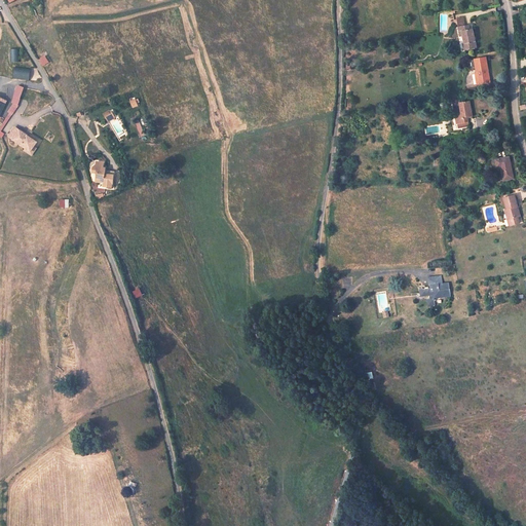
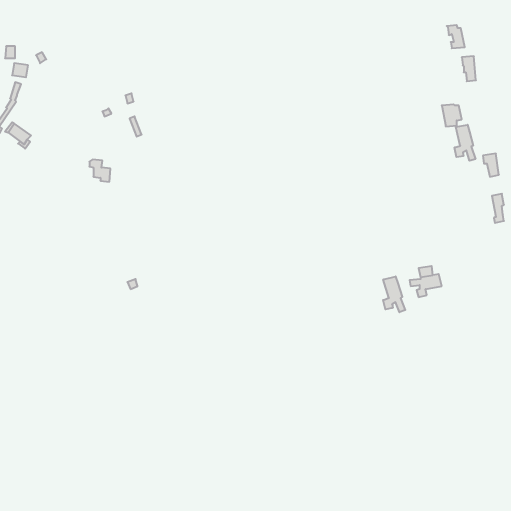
building: none -> [455,125,475,161]
building: none -> [383,276,405,312]

